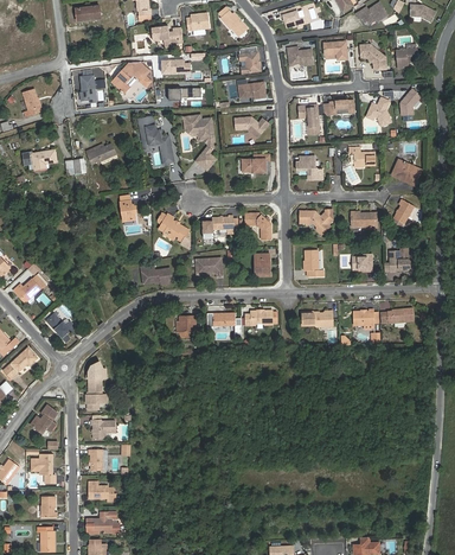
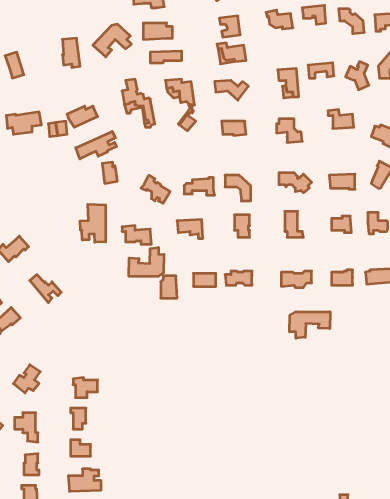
building: none -> [76,131,117,159]
building: none -> [80,204,106,242]
building: none -> [129,247,164,276]
building: none -> [290,312,330,338]
building: [85,361,107,409] -> none

